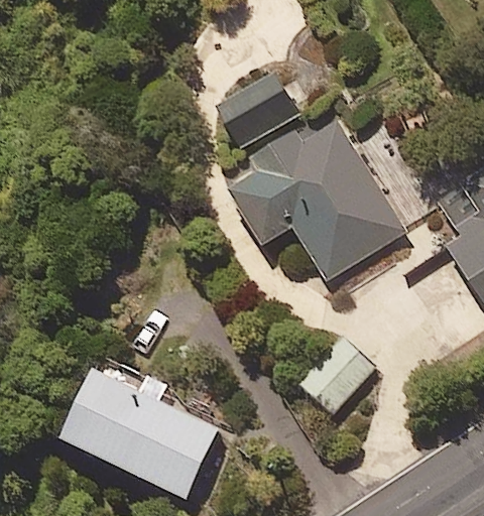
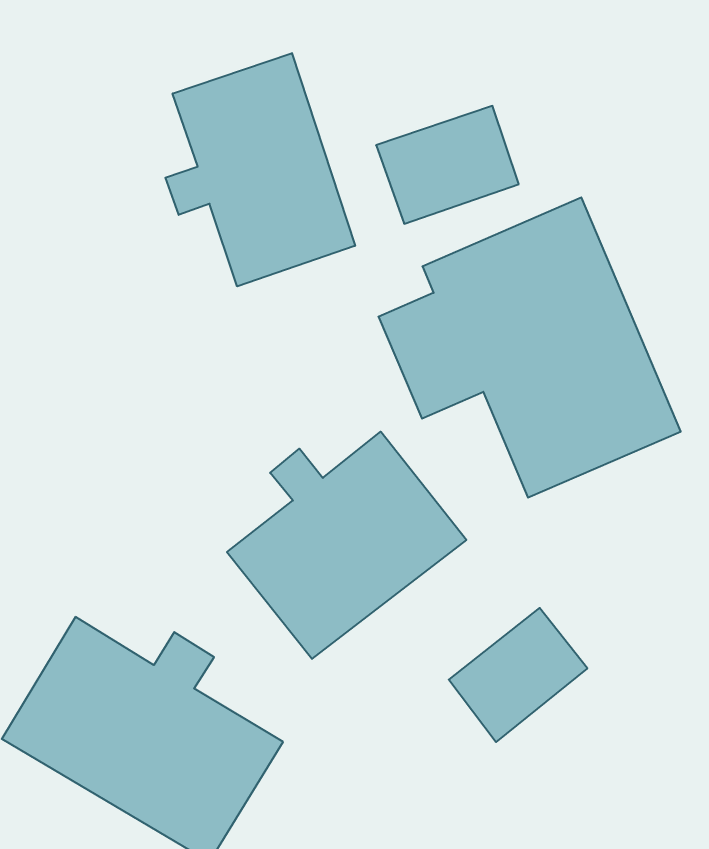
building: none -> [165,53,355,286]
building: none -> [227,432,466,659]

